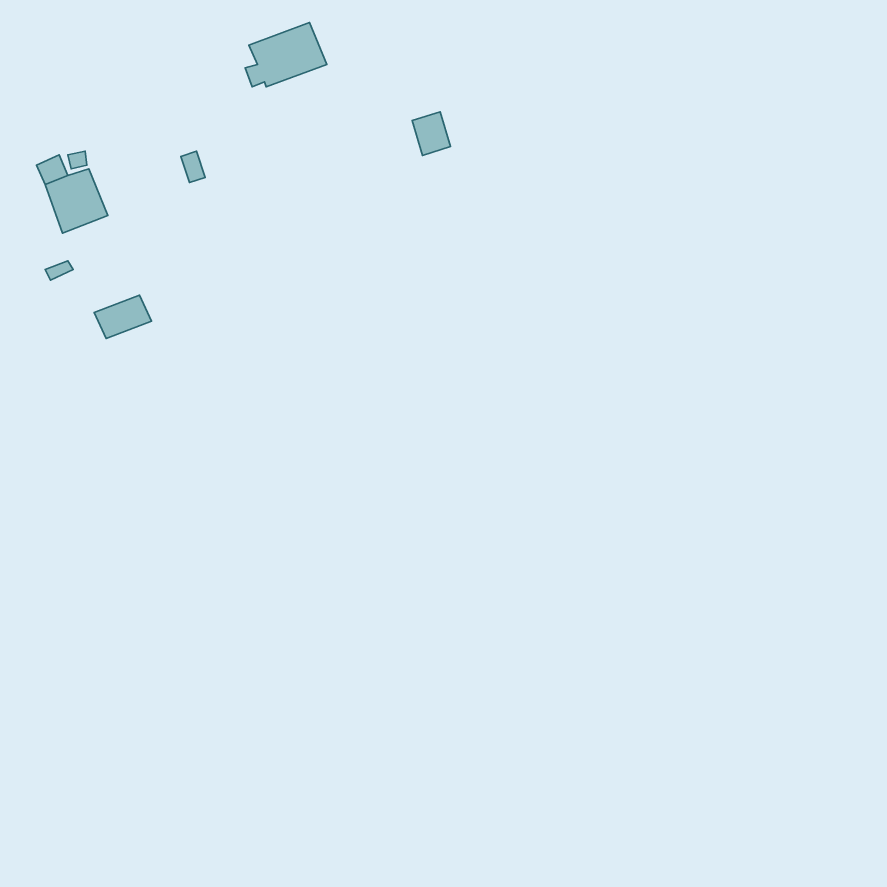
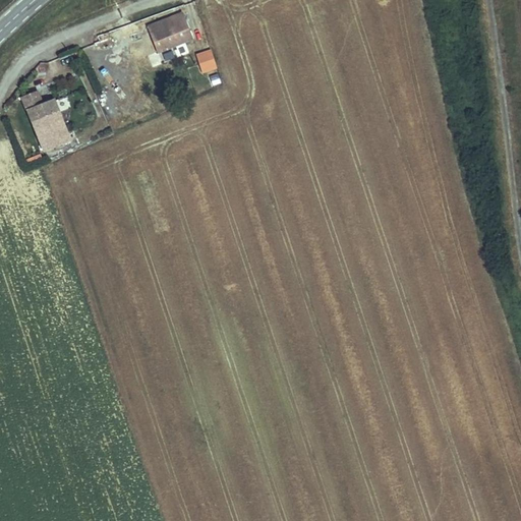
building: [412,112,450,155] -> [195,47,218,72]
building: [94,295,152,339] -> [38,126,71,152]

